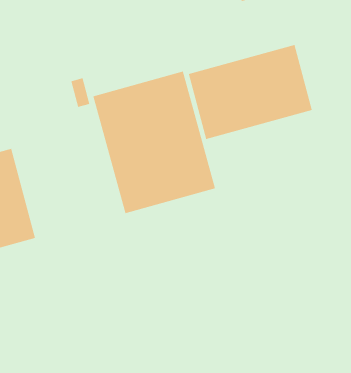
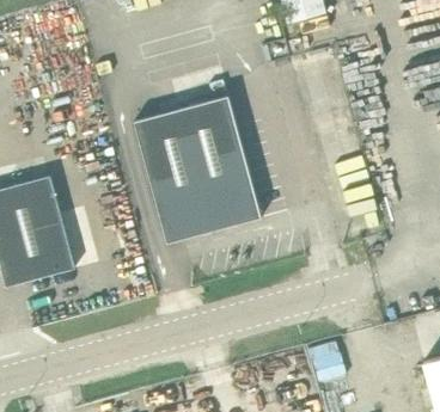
building: [188,44,313,140] -> none

